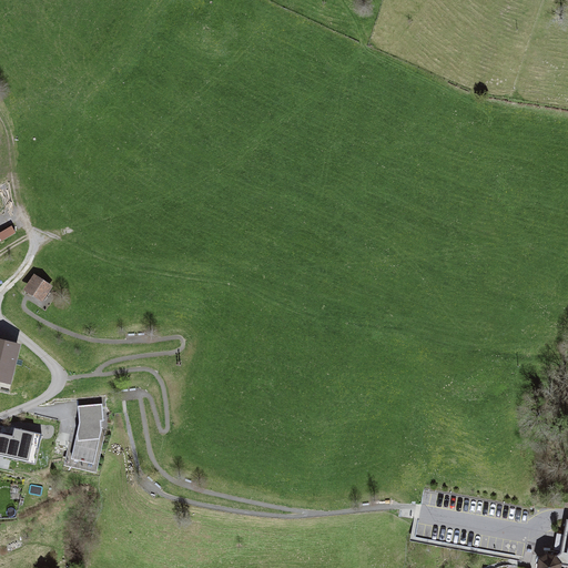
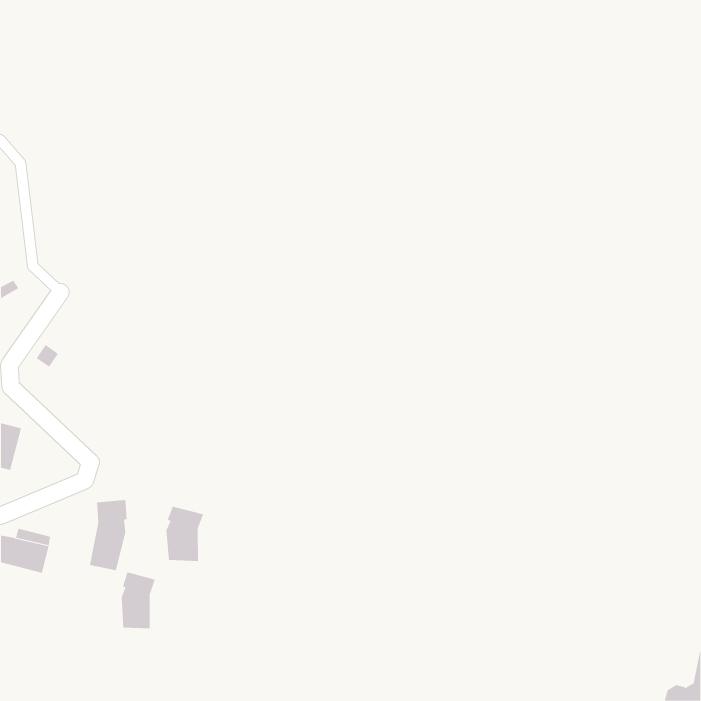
building: none -> [166,506,204,562]
building: none -> [121,571,155,629]

